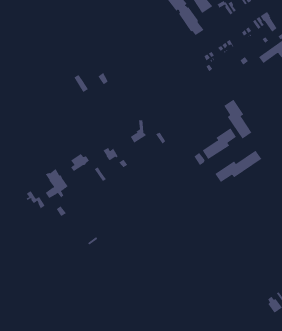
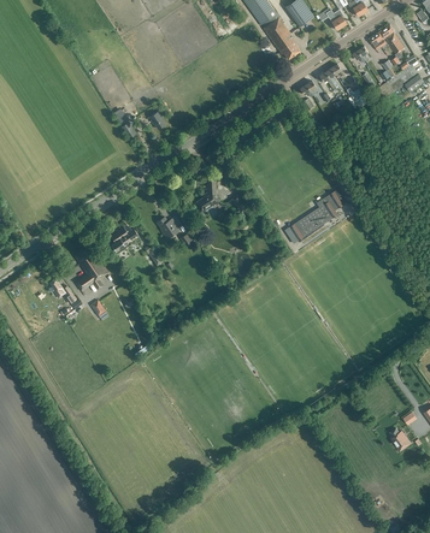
building: [224,99,252,139] -> none
building: [214,150,262,183] -> none

